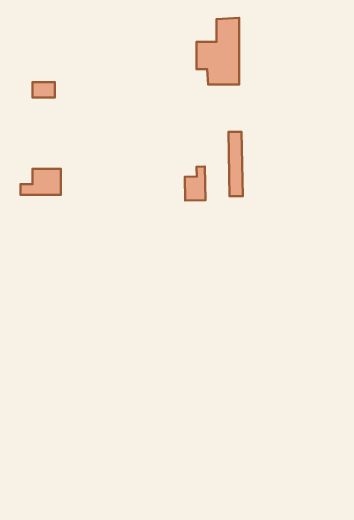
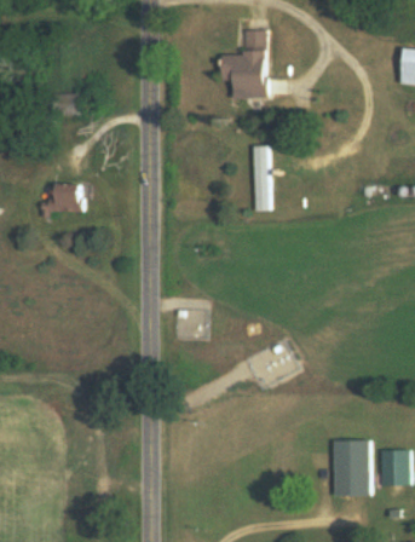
building: [185,167,206,201] -> none
building: none -> [333,440,369,495]

